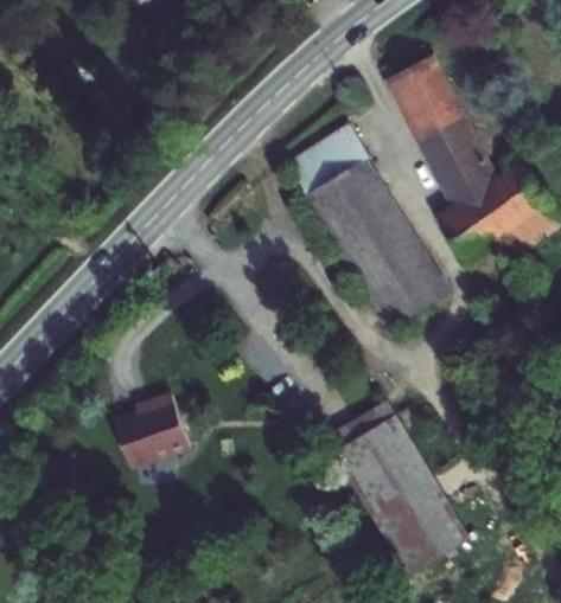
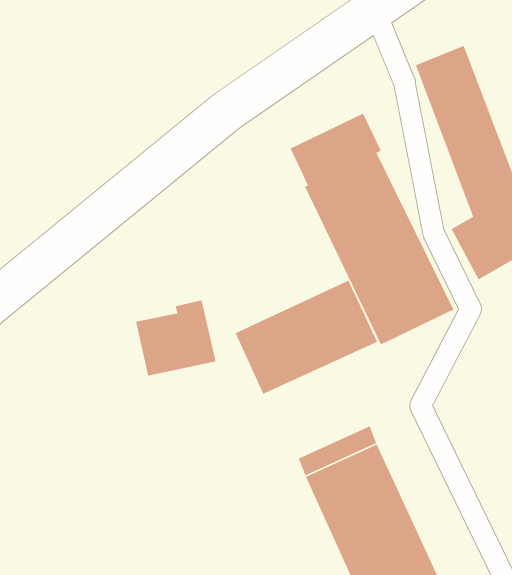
building: none -> [234,280,378,395]
building: [113,392,189,466] -> [135,300,217,377]

